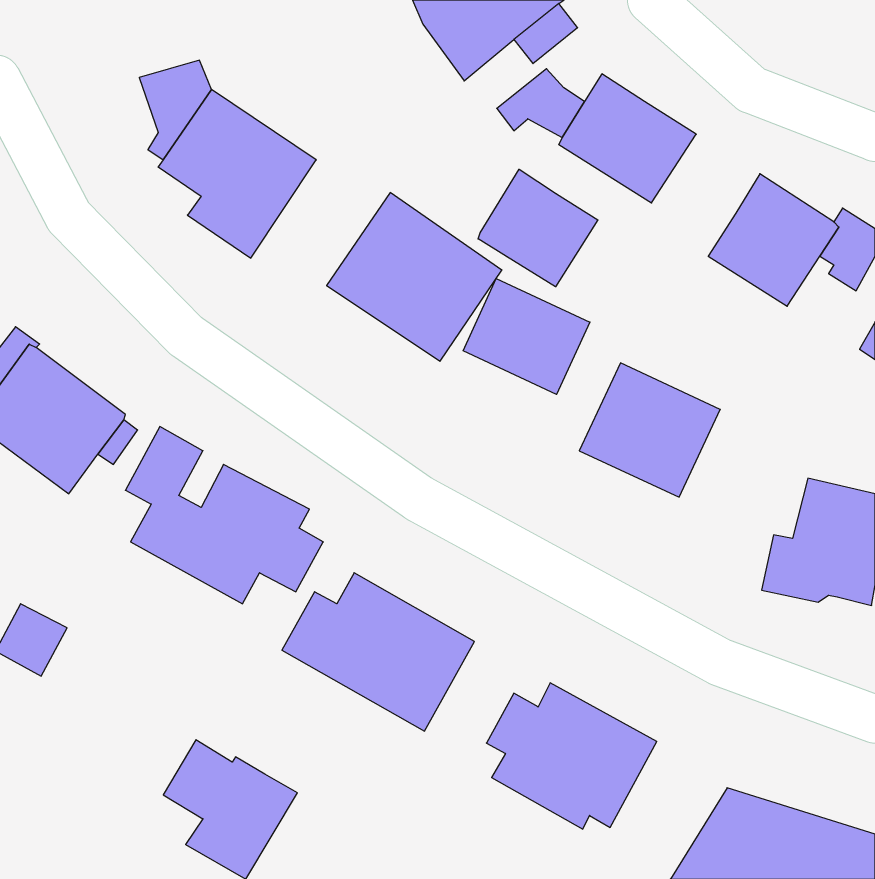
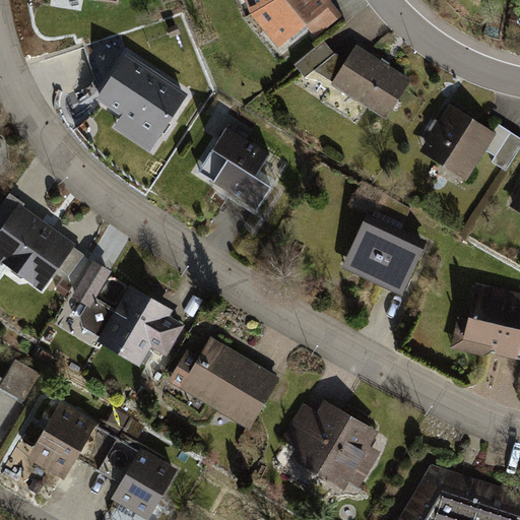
building: [478,169,598,287] -> none
building: [463,278,590,394] -> none
building: none -> [27,400,116,479]

